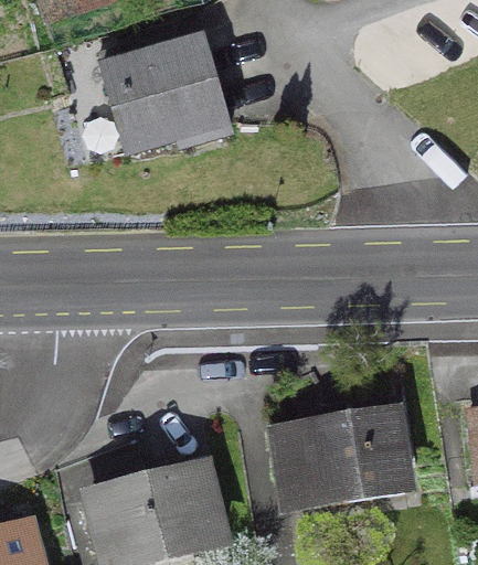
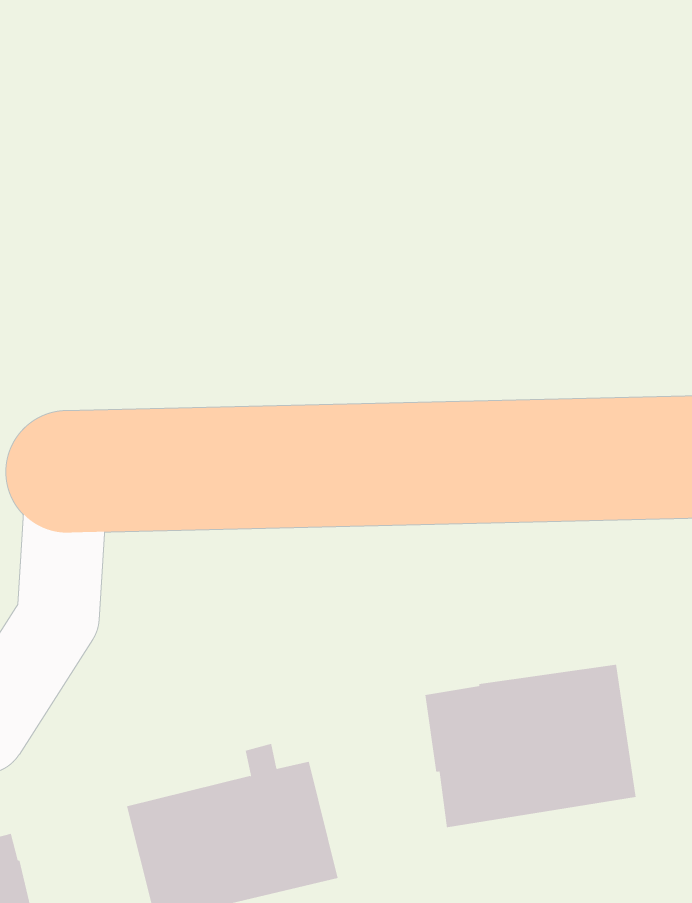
building: [99,40,226,152] -> none

